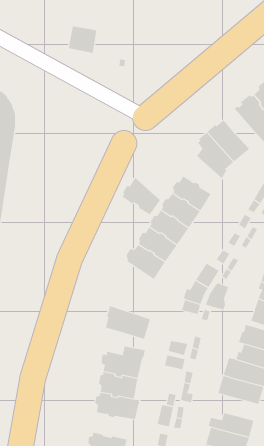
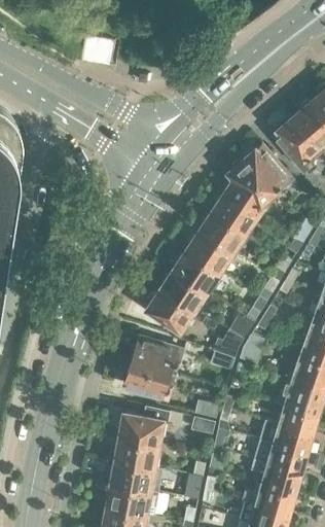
building: [122,177,161,215] -> [213,187,258,232]
building: none -> [129,338,183,376]
building: none -> [251,461,300,493]
building: none -> [107,484,158,516]

